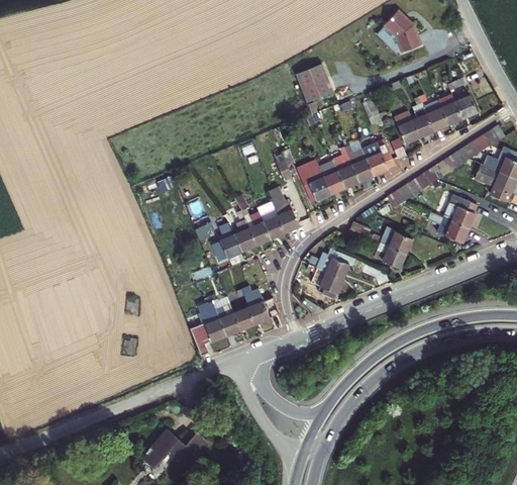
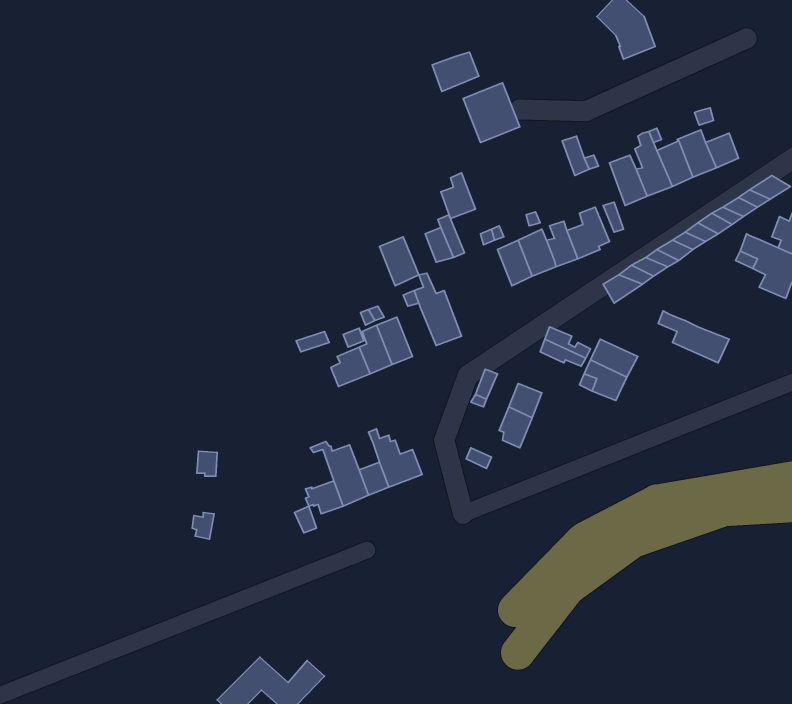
building: none -> [432,52,479,91]
building: [308,173,330,202] -> [441,173,476,219]
building: [441,196,479,230] -> none
building: [256,210,282,241] -> [380,237,419,286]

